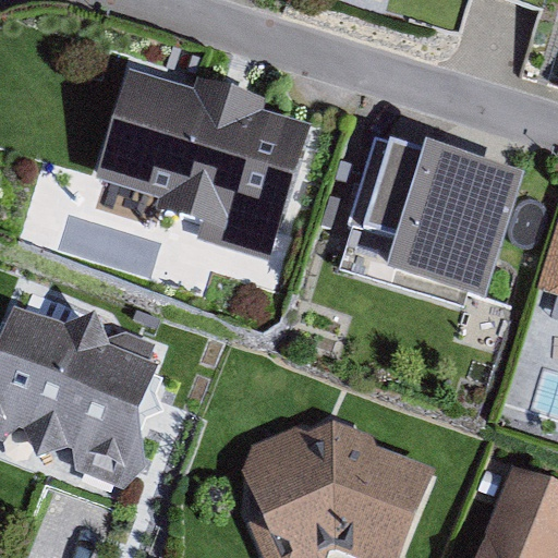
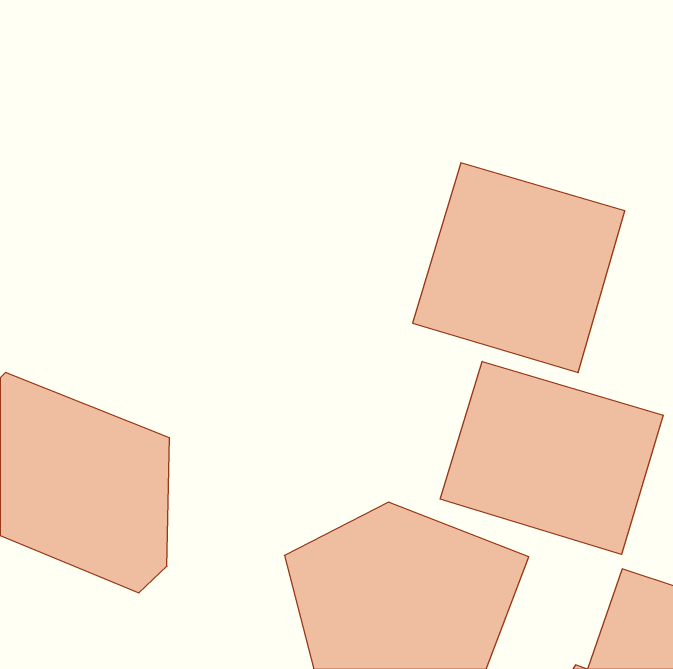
building: [96,73,304,241] -> none
building: none -> [440,361,663,554]

